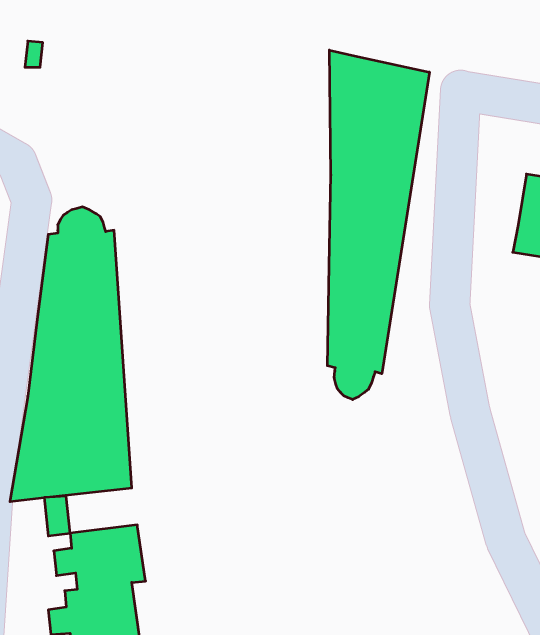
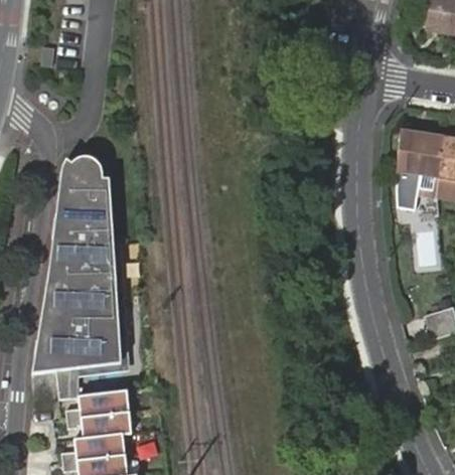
building: [327,50,429,400] -> none

